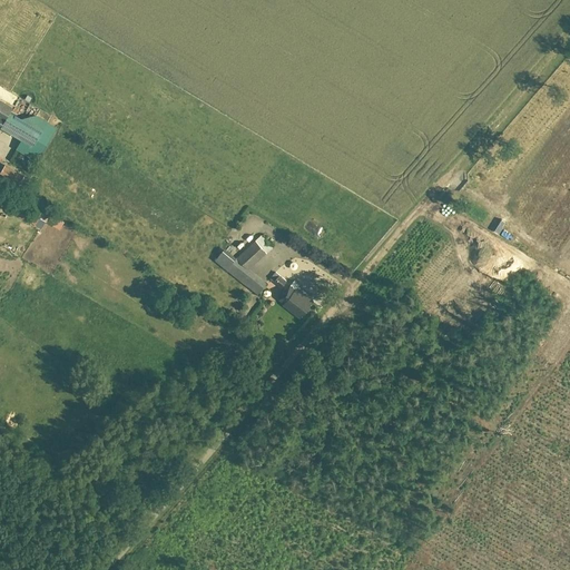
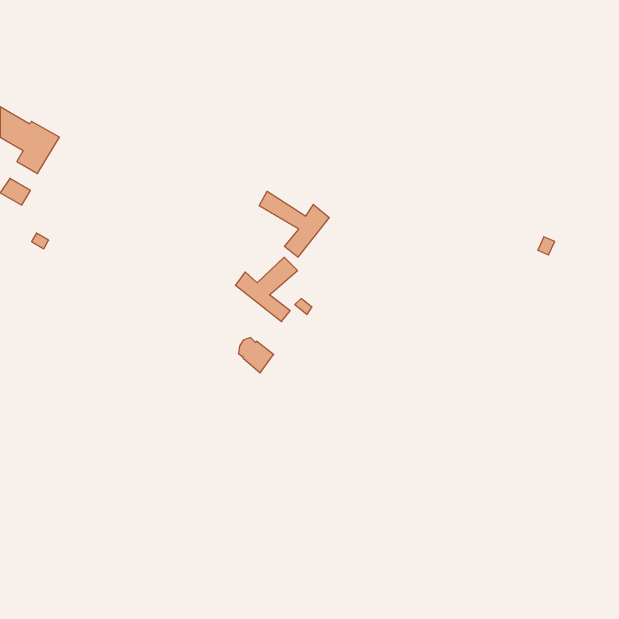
building: none -> [259,191,329,257]
building: [281,287,313,320] -> [238,338,274,373]

